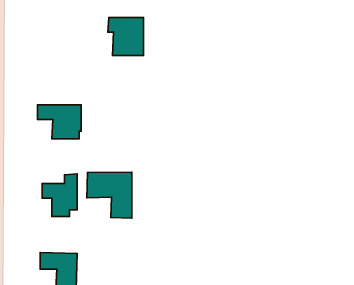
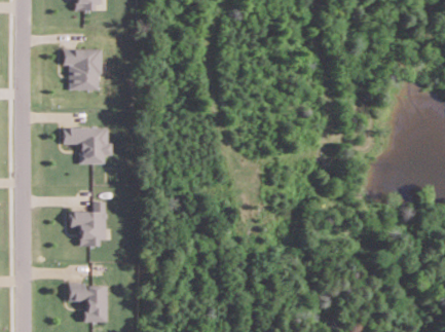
building: [108,18,144,55] -> [64,49,102,89]
building: [87,172,132,218] -> none

